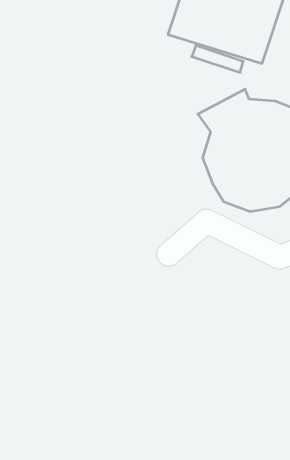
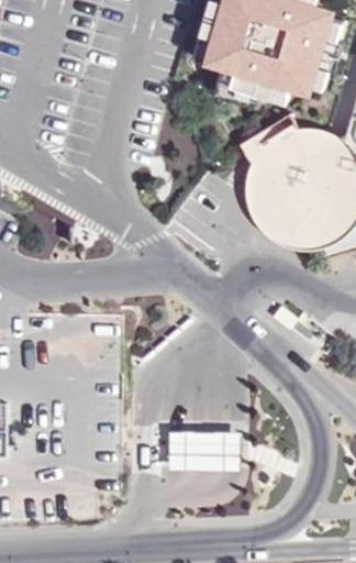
building: none -> [168,435,241,470]

